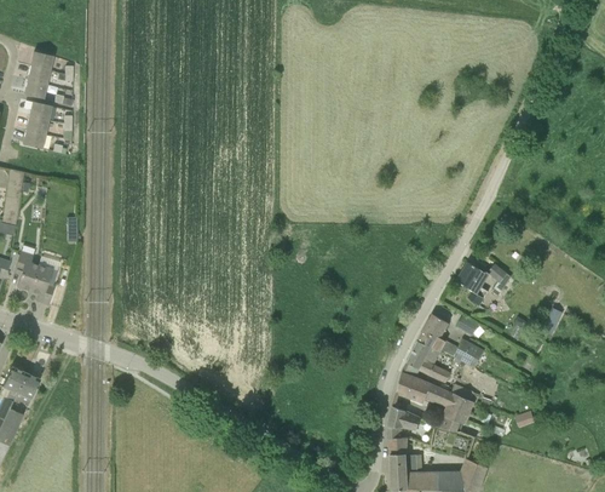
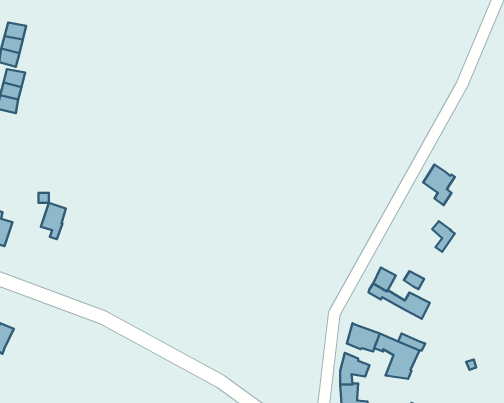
building: [456,261,490,304] -> [423,164,455,205]
building: [30,264,57,303] -> [41,203,66,239]
building: [402,339,455,383] -> none

